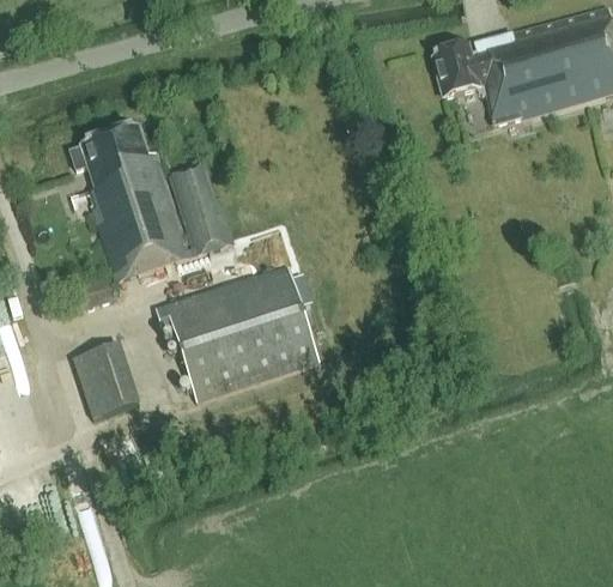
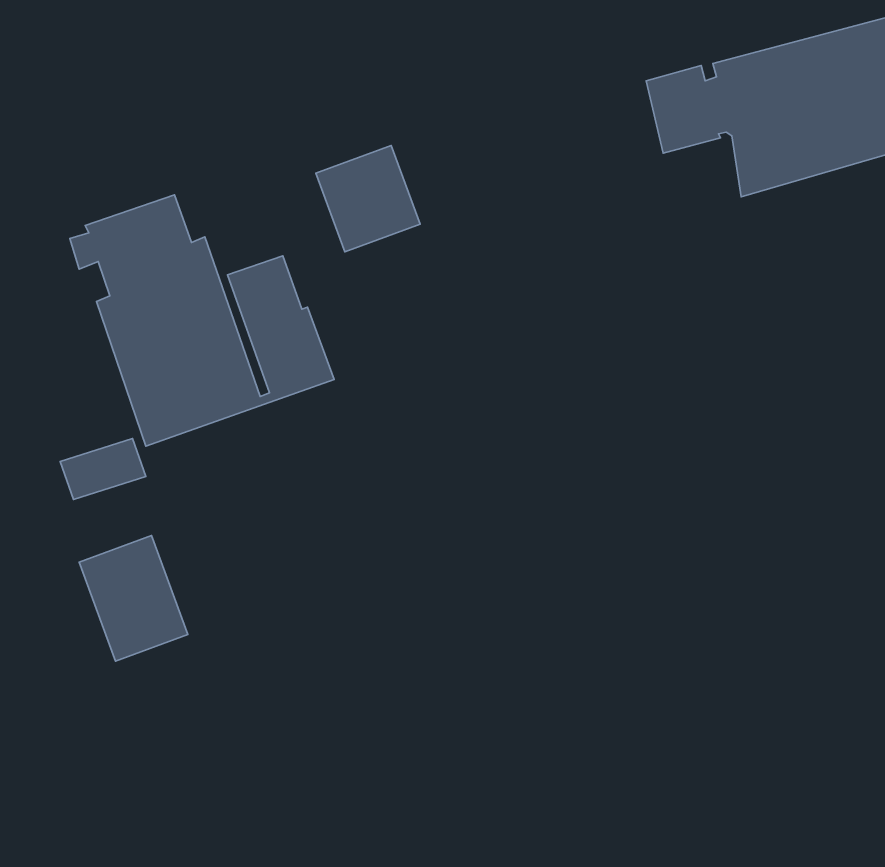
building: none -> [316,145,420,252]
building: [166,266,321,403] -> none

